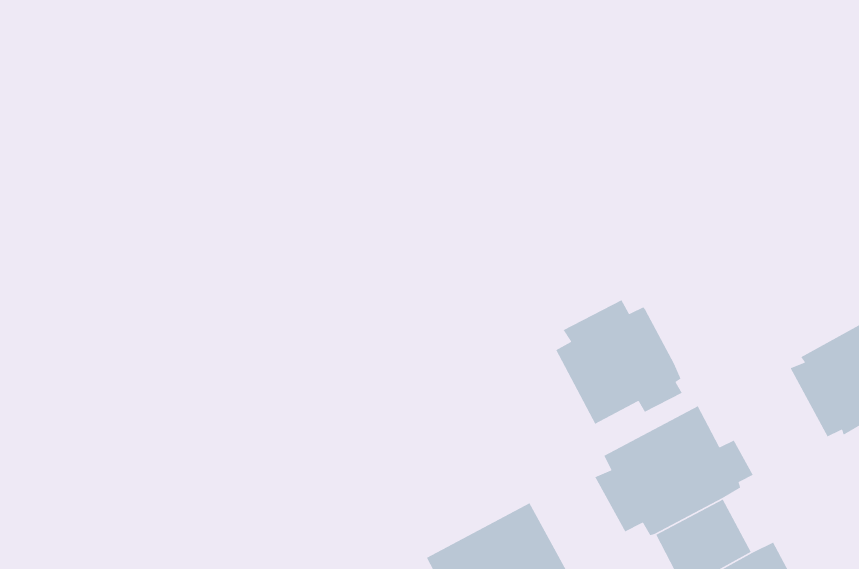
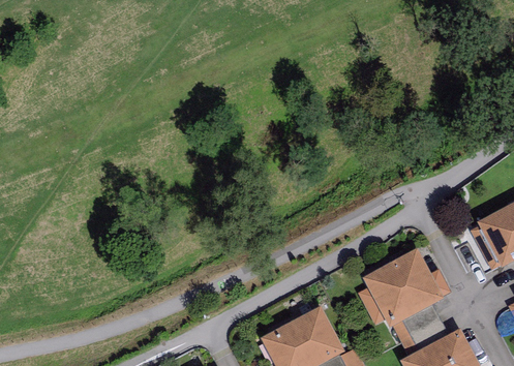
building: [555,299,683,425] -> none

